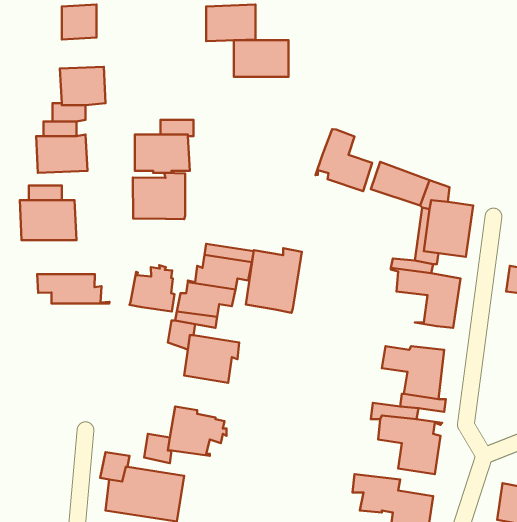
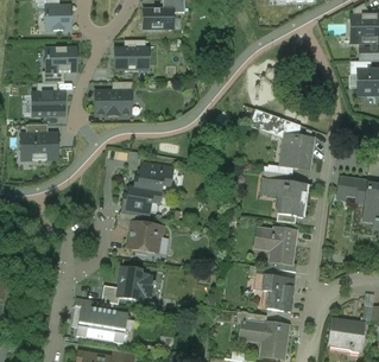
building: [234,40,289,77] -> [113,47,149,71]
building: [315,129,372,191] -> none
building: [133,173,185,219] -> none
building: [246,248,302,313] -> none
building: [130,265,175,311] -> none
building: [37,274,110,304] -> none

